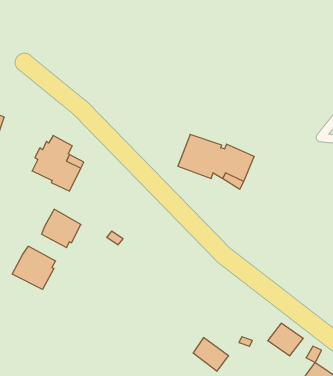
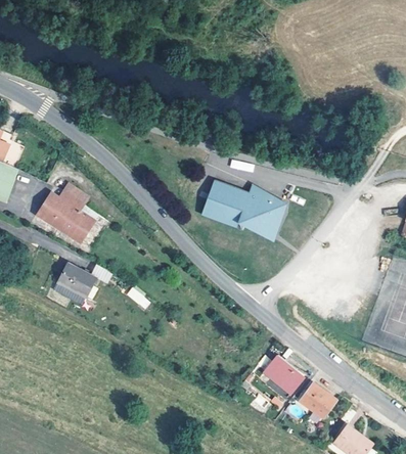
building: [12,246,56,289] -> none
building: [193,338,229,371] -> [264,358,302,394]

